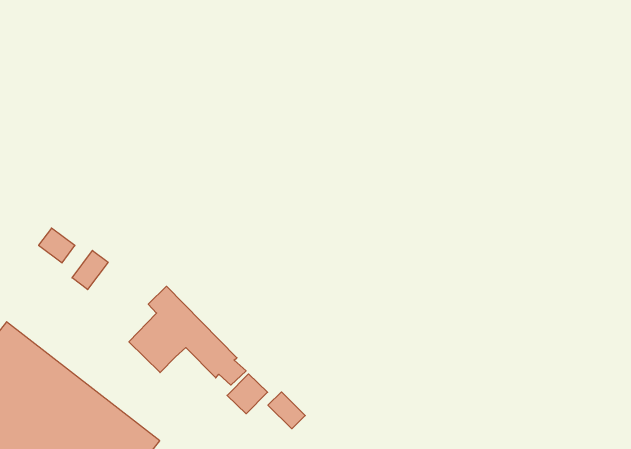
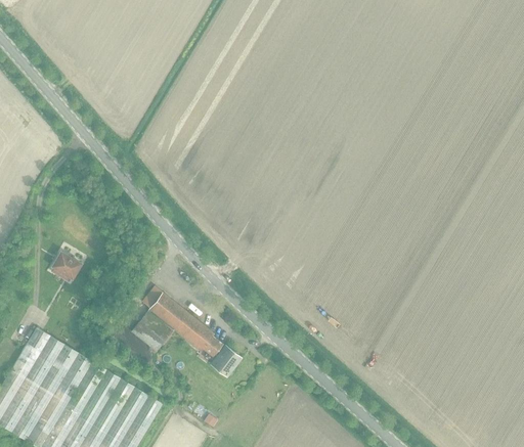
building: [72,250,108,290] -> none
building: [268,392,305,429] -> none

